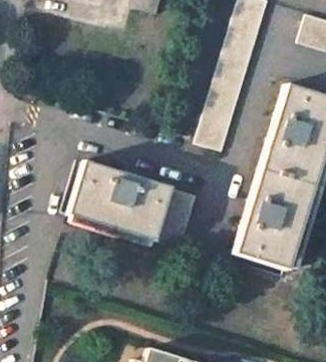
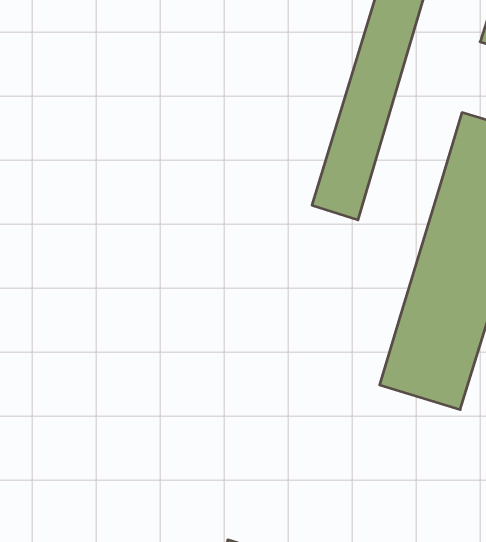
building: [67,162,196,252] -> none

